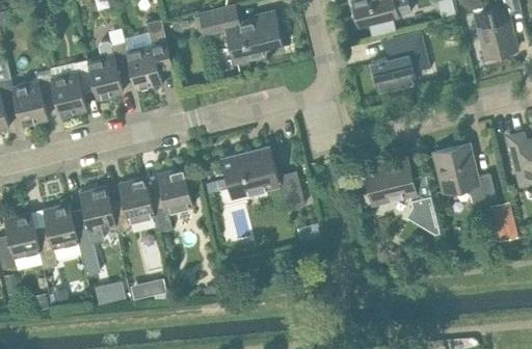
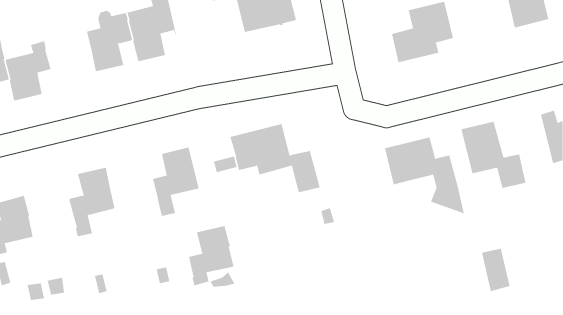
building: [49,61,91,116] -> none
building: [110,178,153,234] -> [188,225,234,286]
building: [490,202,517,242] -> [481,248,510,292]
building: [34,204,78,270] -> none

